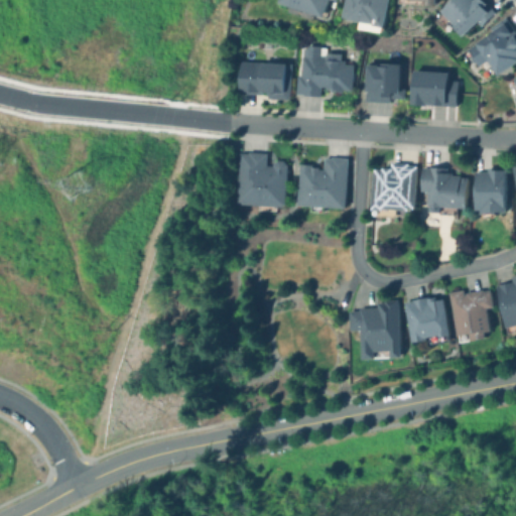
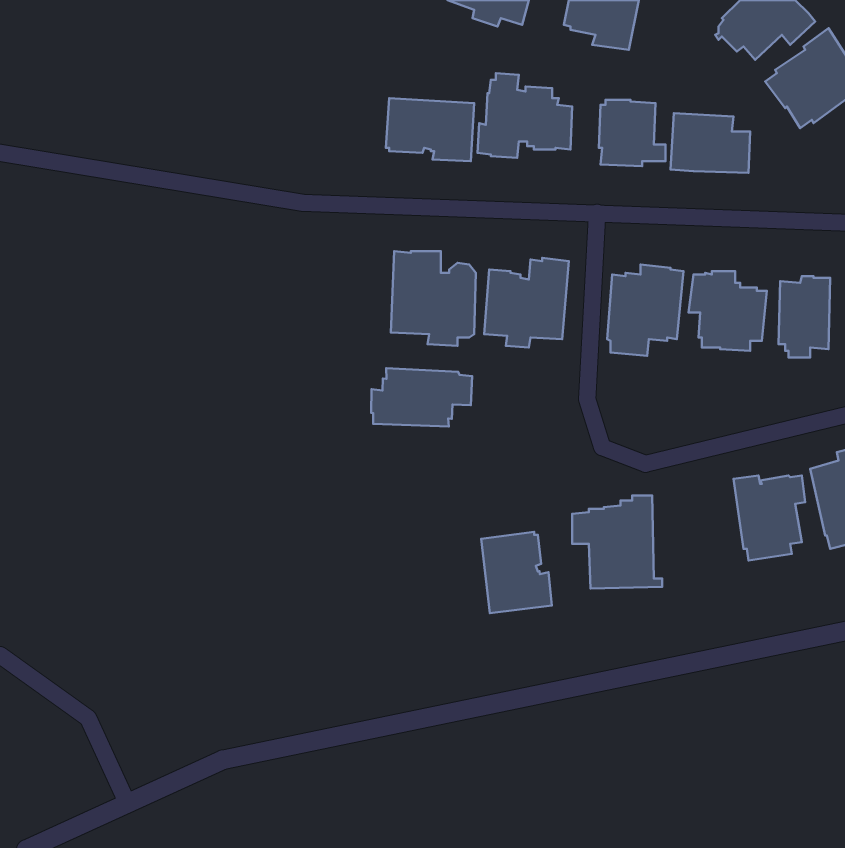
building: none -> [371,368,472,426]
building: [406,296,450,345] -> none
building: none -> [481,532,552,613]

